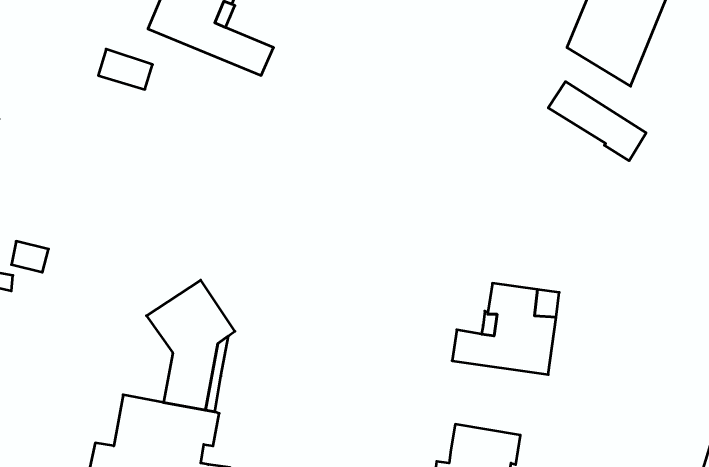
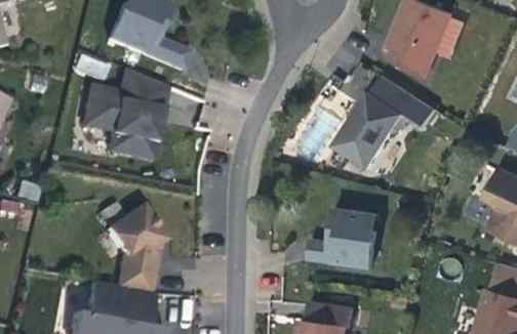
building: none -> [82,70,167,160]
building: none -> [335,91,410,169]

